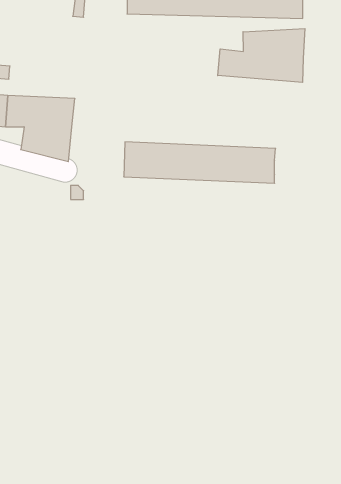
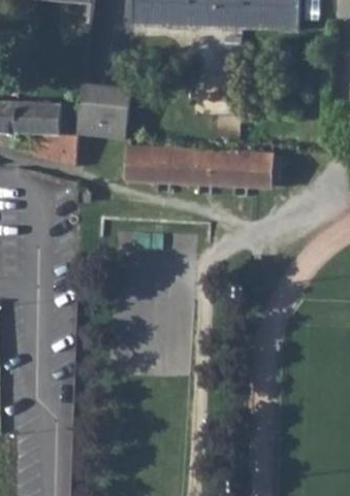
building: [218,29,305,82] -> none
building: none -> [77,84,130,137]

